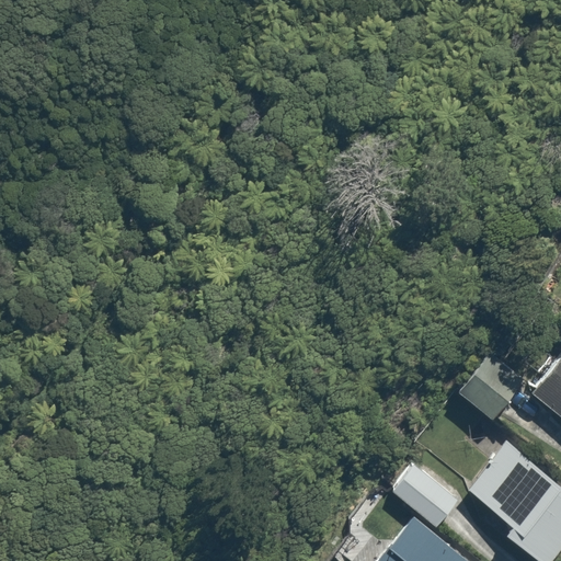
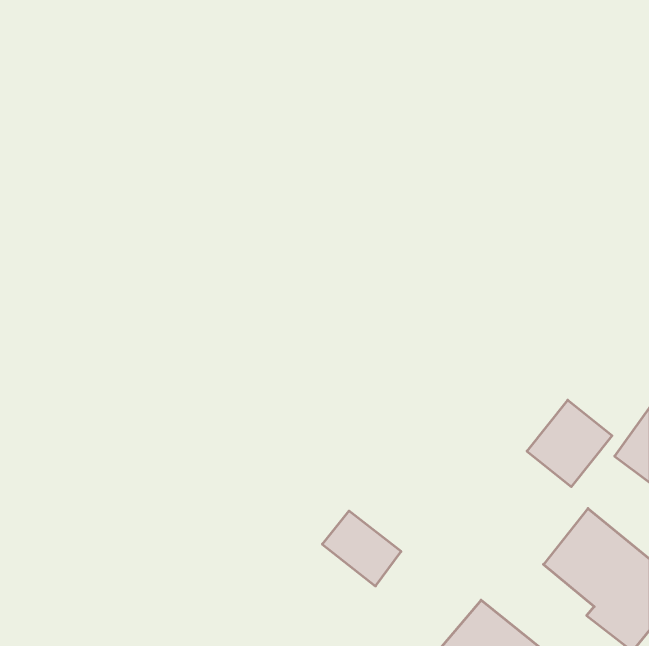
building: [391,463,459,528] -> [322,511,401,586]

